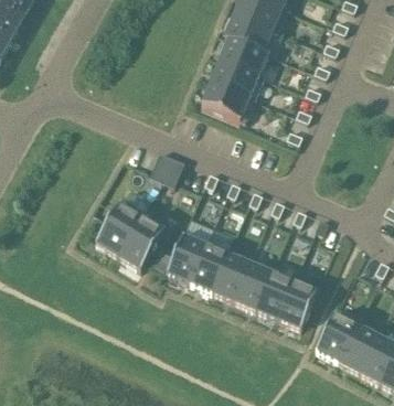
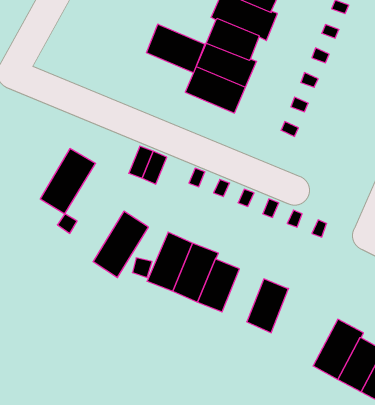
building: none -> [147,24,205,73]
building: [96,196,146,255] -> [40,149,96,214]
building: [234,261,271,309] -> none
building: [278,274,319,328] -> none

